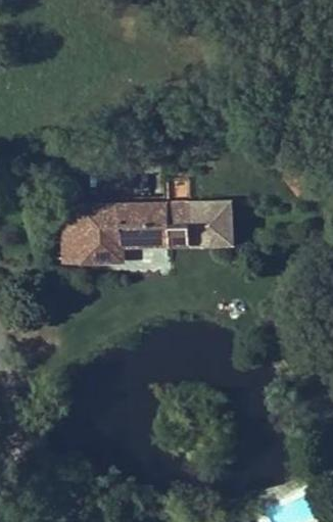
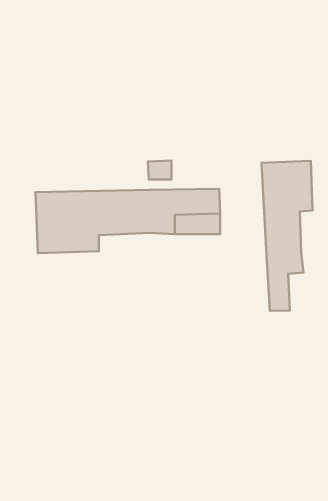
building: none -> [262,161,313,311]

